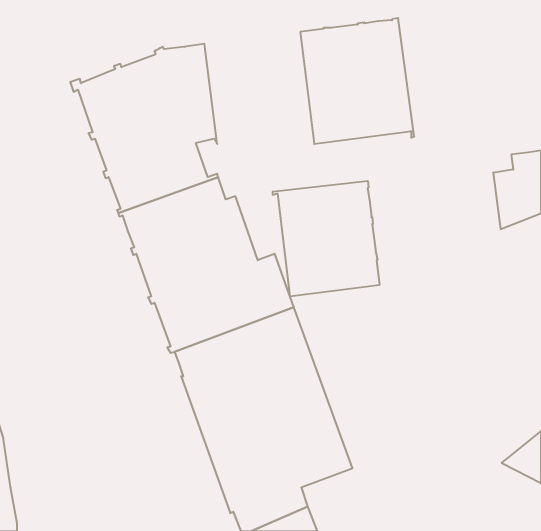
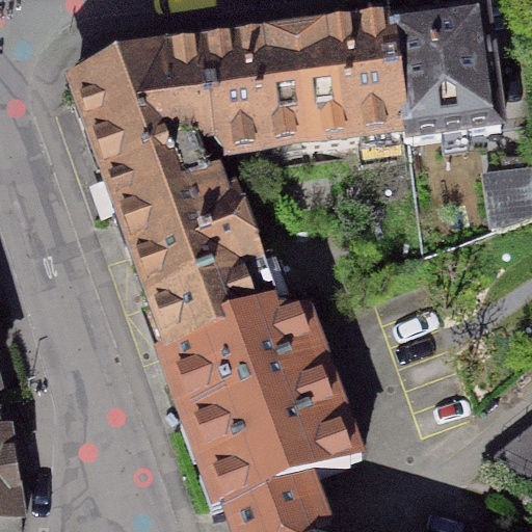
building: none -> [389,6,498,133]
building: none -> [200,31,307,152]
building: [273,181,379,296] -> none

